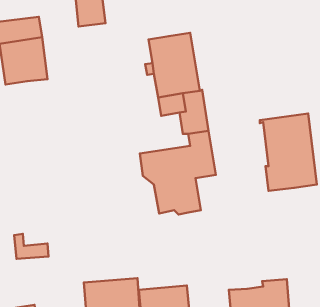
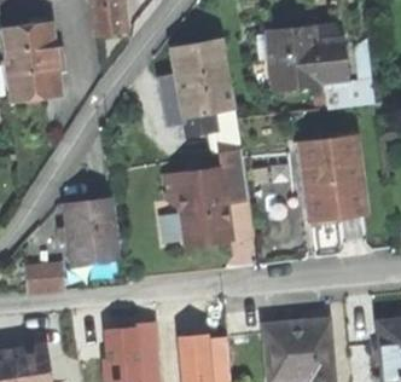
building: none -> [269,27,347,88]
building: none -> [66,197,120,262]

